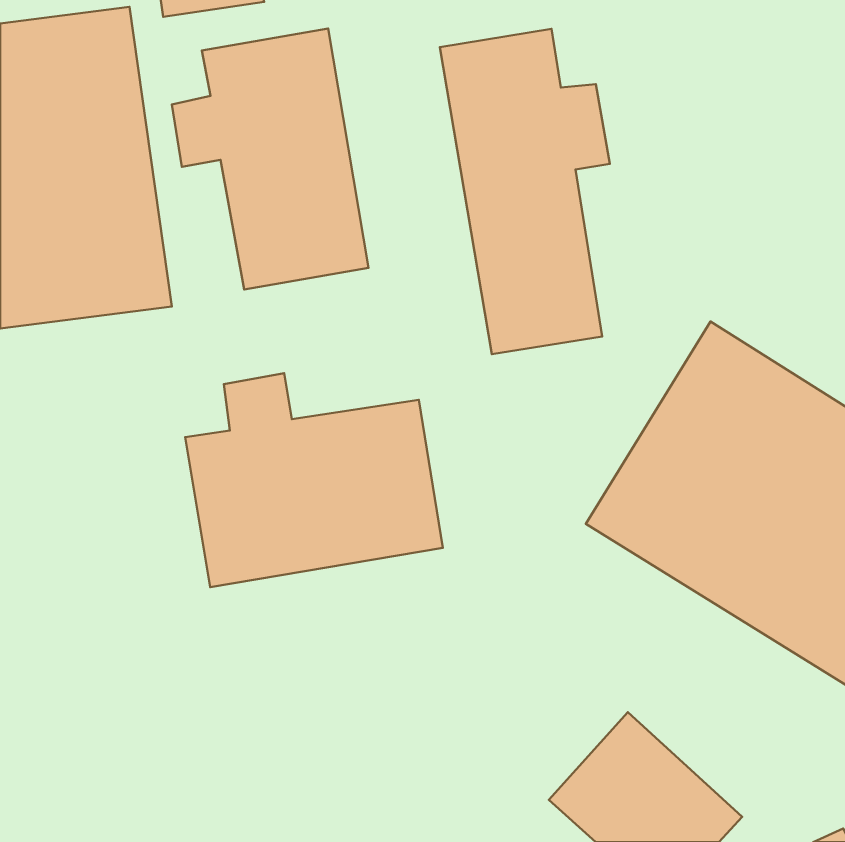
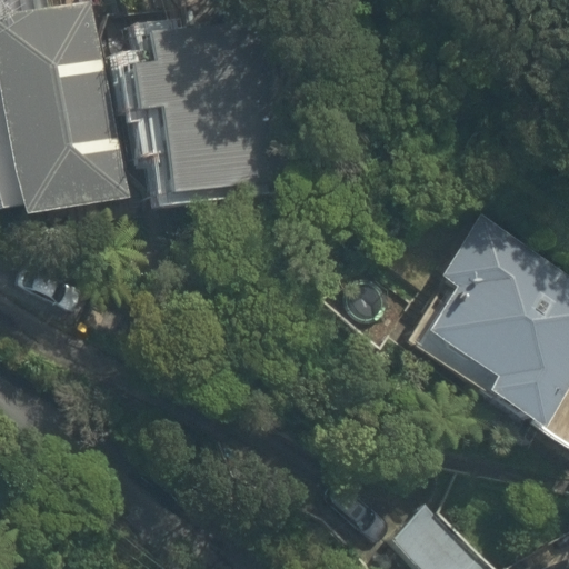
building: [440,29,610,354] -> none
building: [185,373,443,587] -> none

